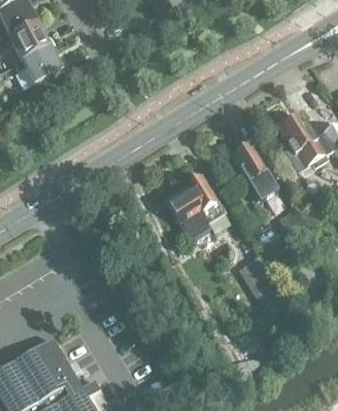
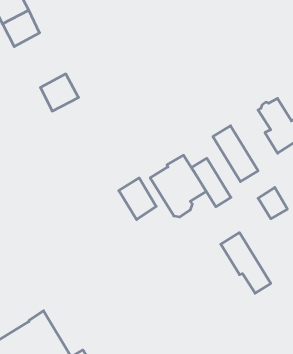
building: [22,45,62,84] -> [40,74,79,111]
building: none -> [192,158,231,207]
building: none -> [119,178,156,220]

